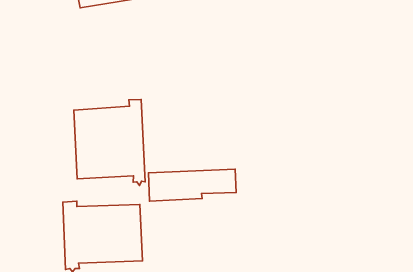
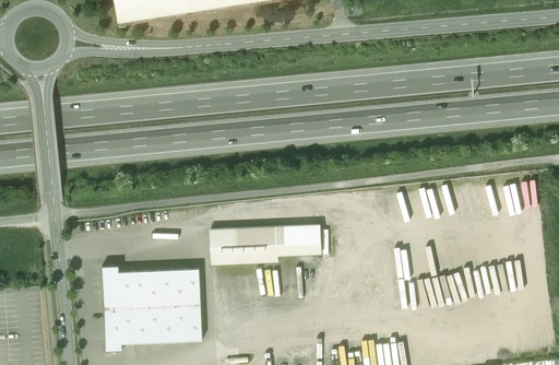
building: [74,100,145,186] -> none

